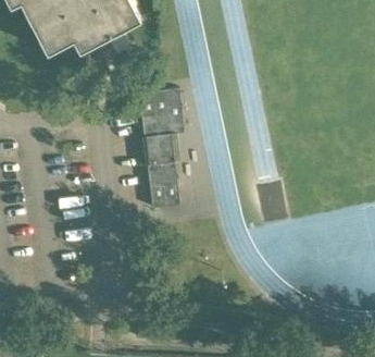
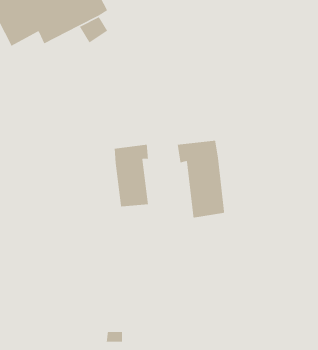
building: [137,94,183,141] -> none
building: none -> [177,140,225,219]

